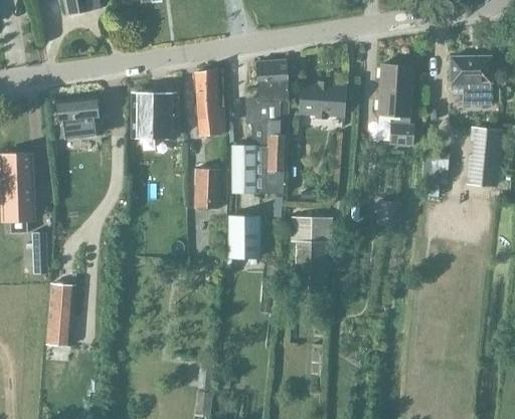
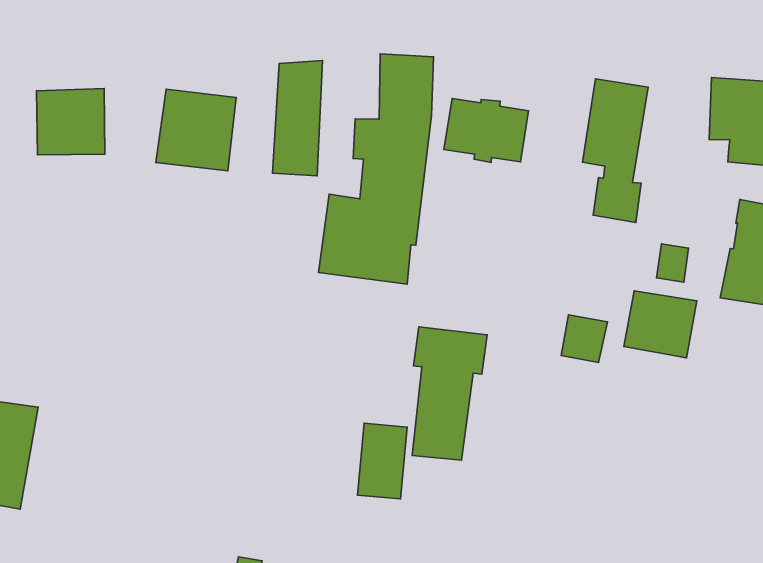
building: [193,169,219,209] -> none
building: none -> [624,291,697,358]
building: [232,217,258,259] -> [358,423,407,499]

